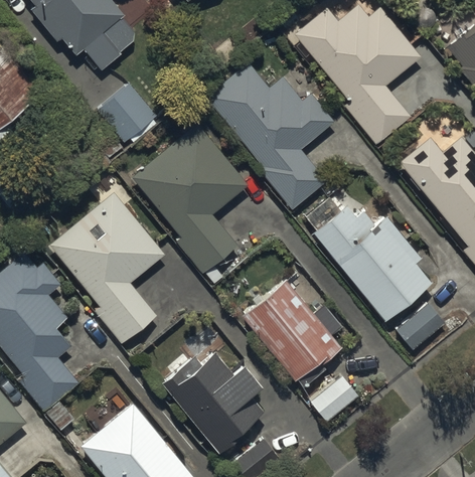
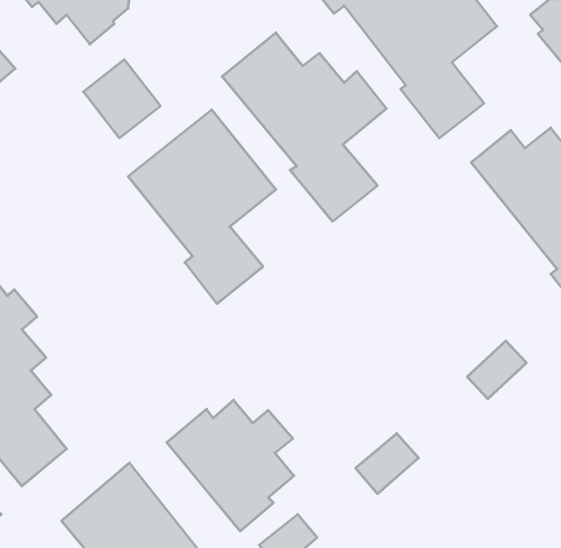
building: [49,193,165,344] -> none
building: [307,195,431,320] -> none
building: [242,278,341,387] -> none

